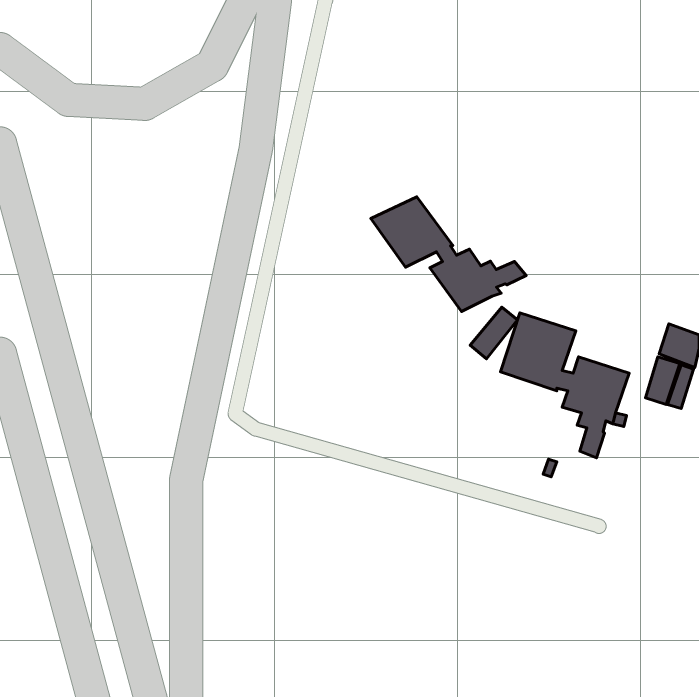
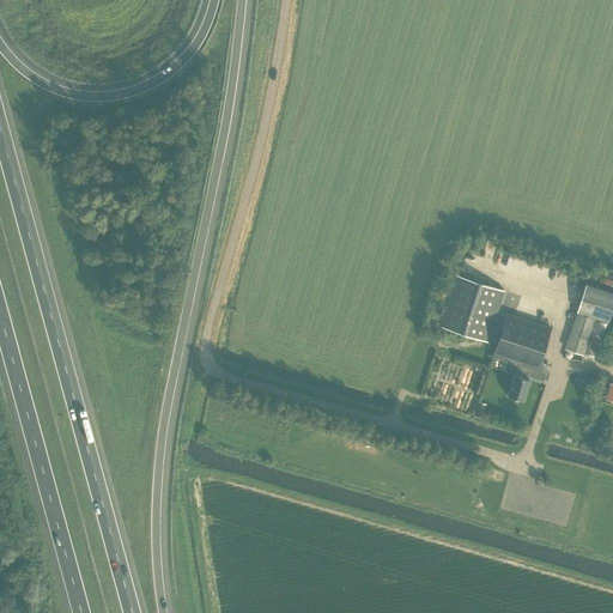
building: [371,197,526,312] -> none
building: [470,307,518,359] -> none

